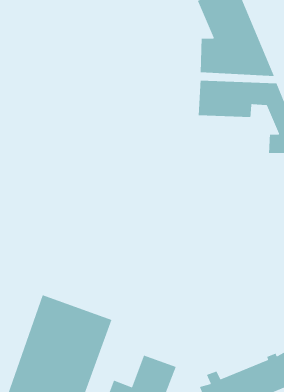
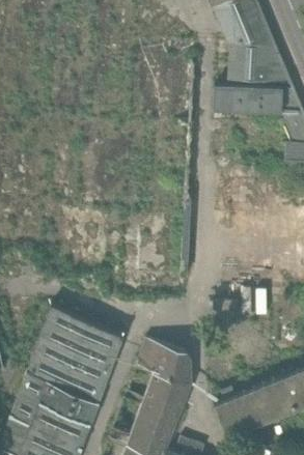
building: none -> [138,338,191,383]

